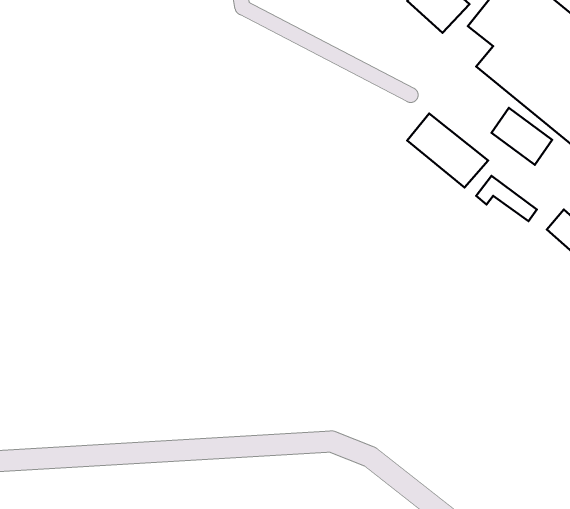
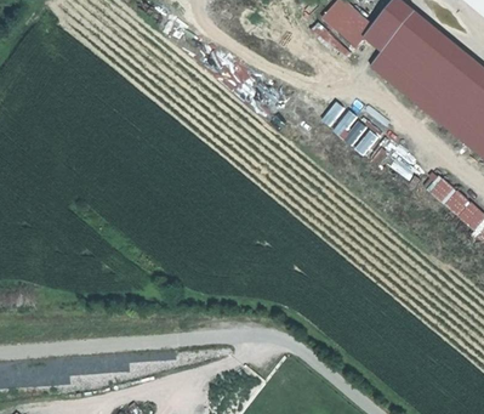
building: [492,108,552,165] -> none

